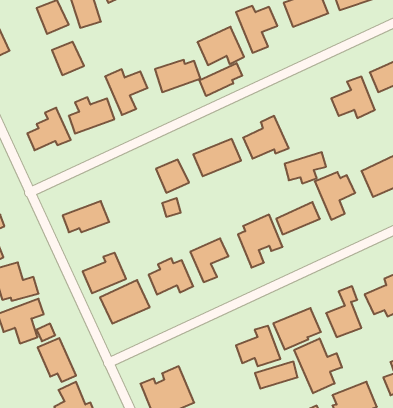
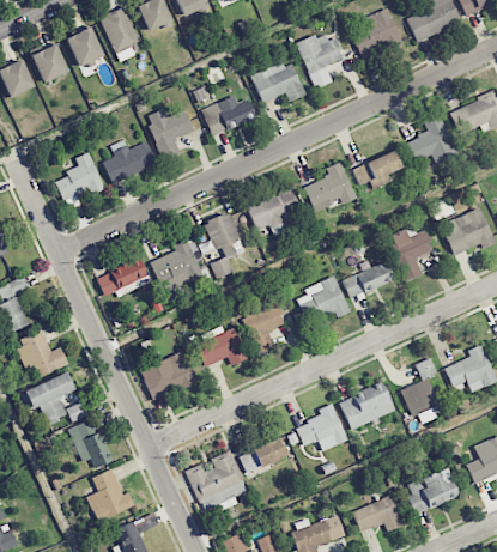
building: [52,42,84,75] -> [31,44,68,83]
building: [199,63,242,96] -> none
building: [285,152,326,183] -> [353,152,401,188]
building: [83,253,126,293] -> [150,239,200,286]
building: [294,338,342,393] -> none
building: [255,362,298,389] -> [238,439,287,471]

